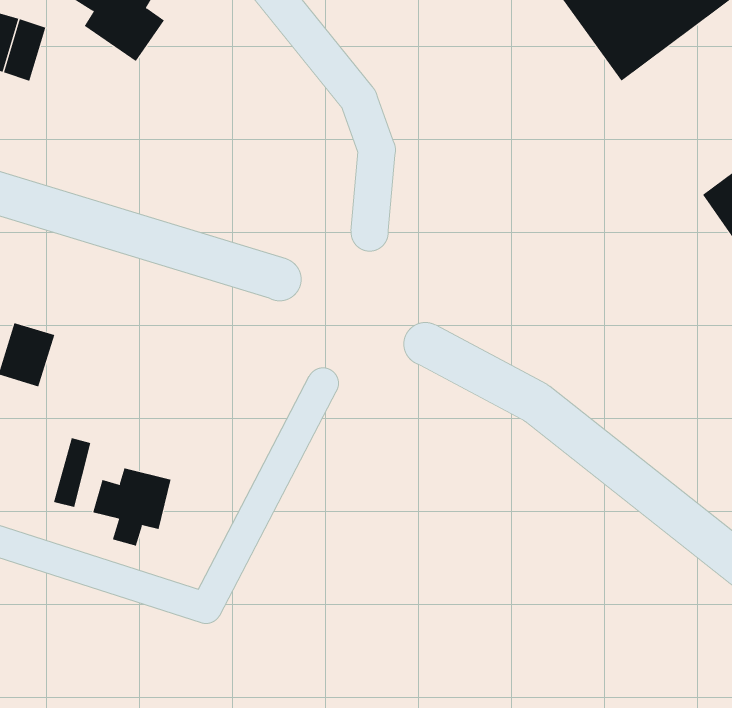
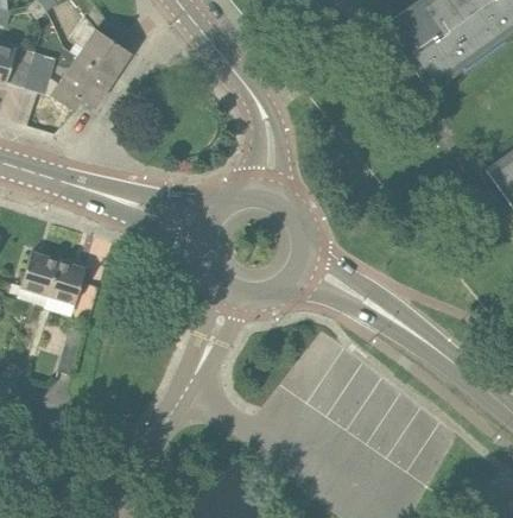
building: none -> [52,56,113,110]
building: none -> [49,260,87,303]
building: [92,467,171,547] -> none

